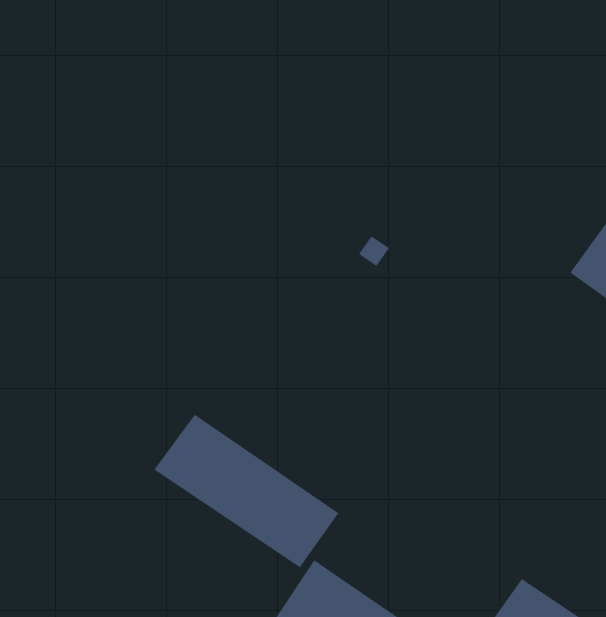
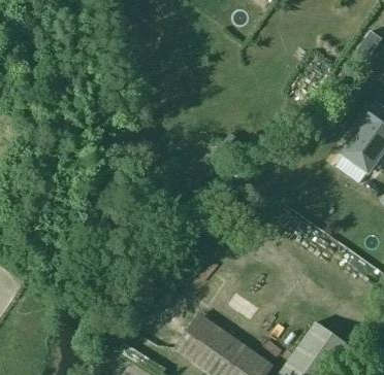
building: [154,414,339,568] -> none

